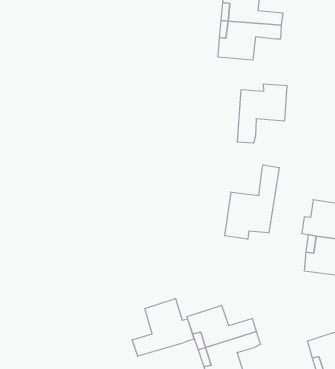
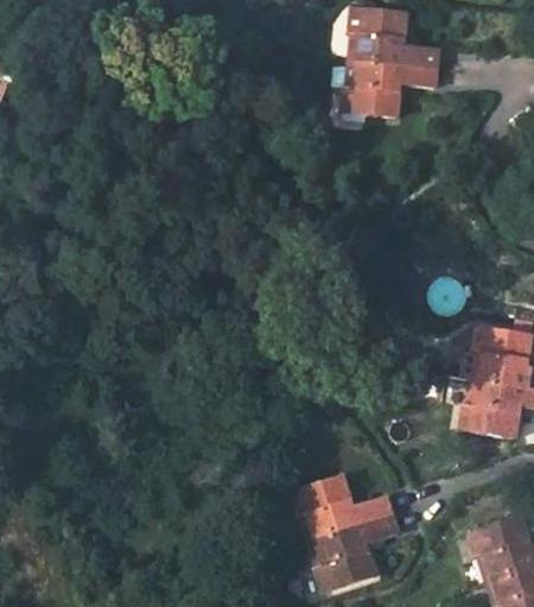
building: [237,84,287,143] -> none
building: [225,165,279,239] -> none
building: [132,299,194,356] -> none

